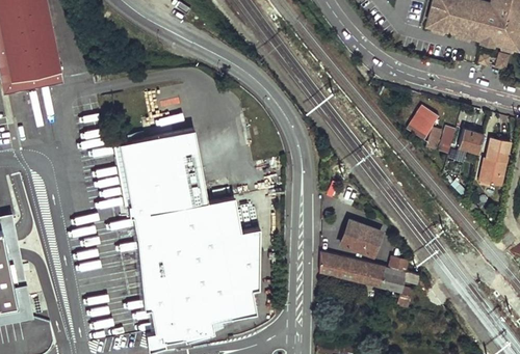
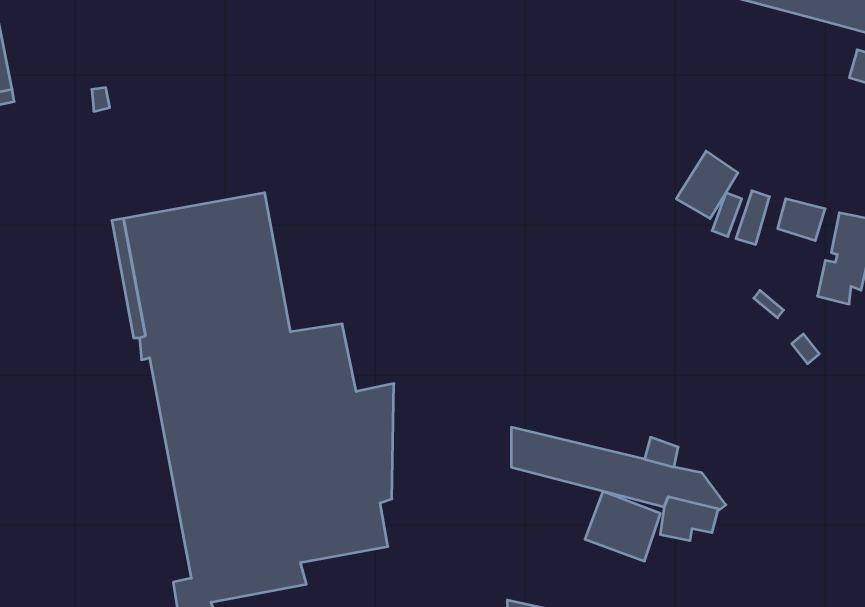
building: [341,221,381,257] -> [585,492,660,561]

